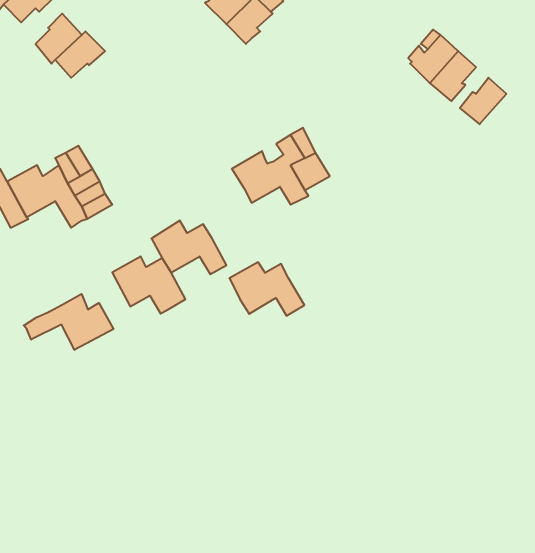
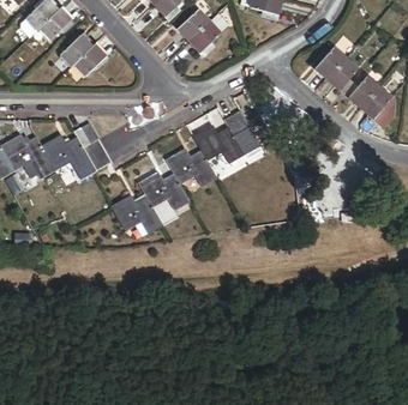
building: none -> [360,87,391,121]
building: [229,262,304,316] -> [167,150,217,186]
building: [24,294,113,350] -> none

